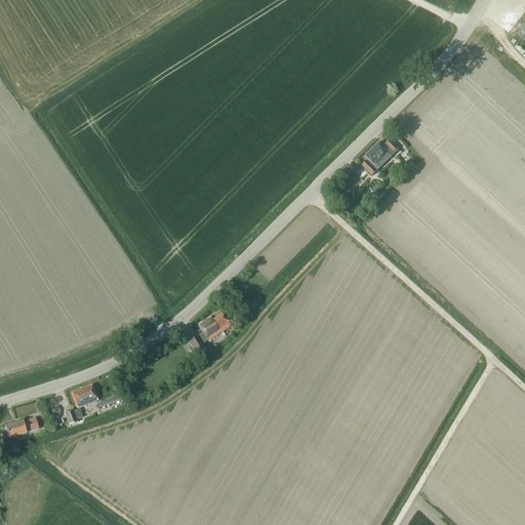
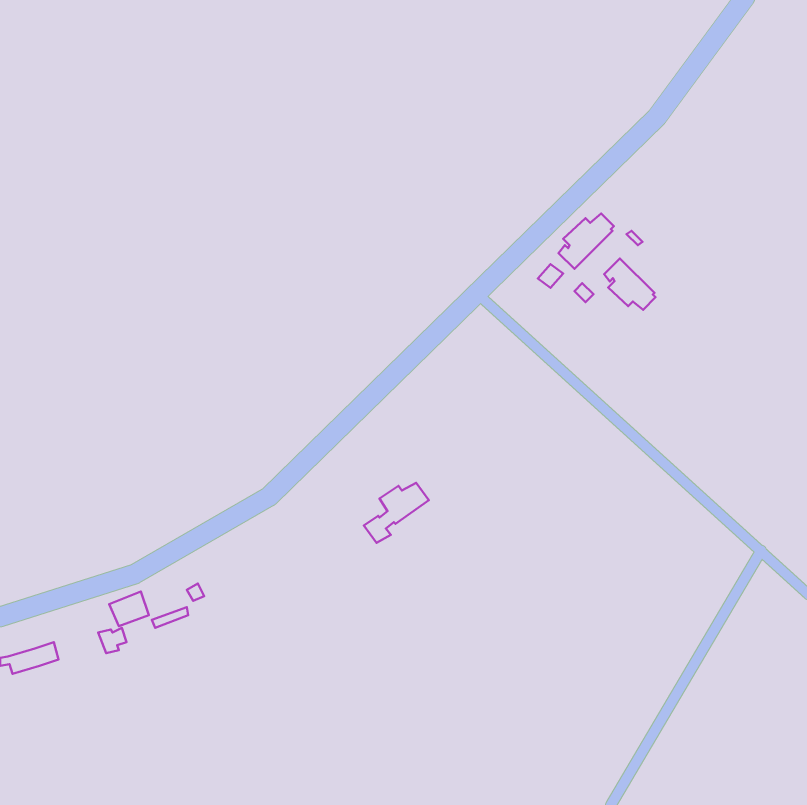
building: none -> [604,258,656,310]
building: [189,313,231,352] -> [364,483,429,543]

